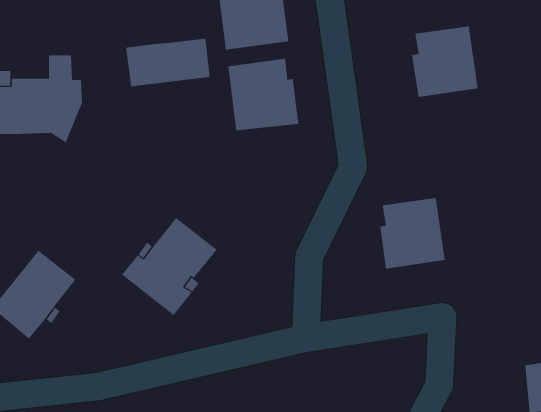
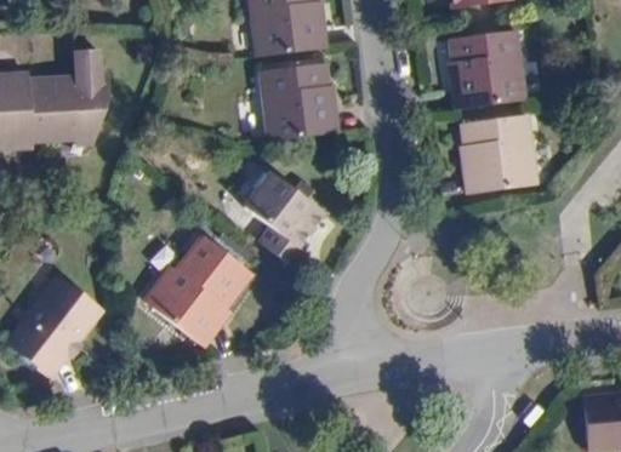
building: [125,38,210,87] -> none
building: none -> [241,171,319,264]
building: [379,197,446,269] -> [471,111,542,189]

